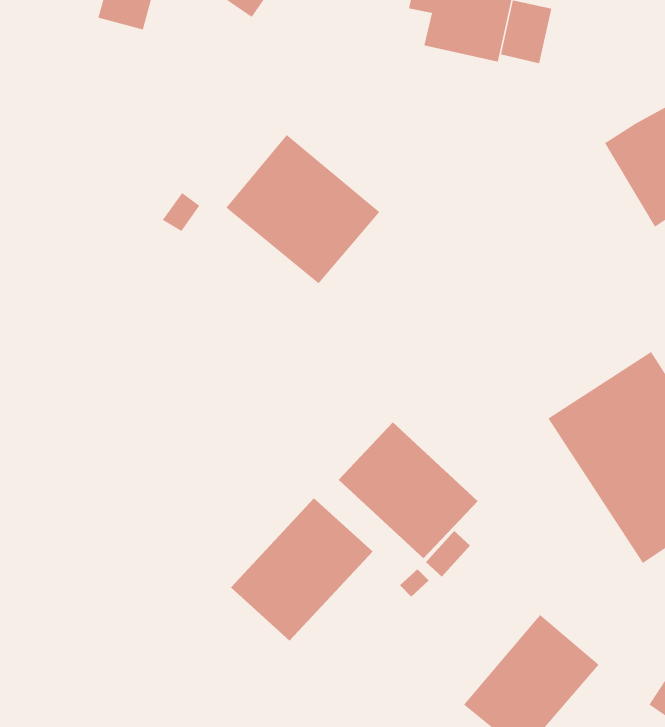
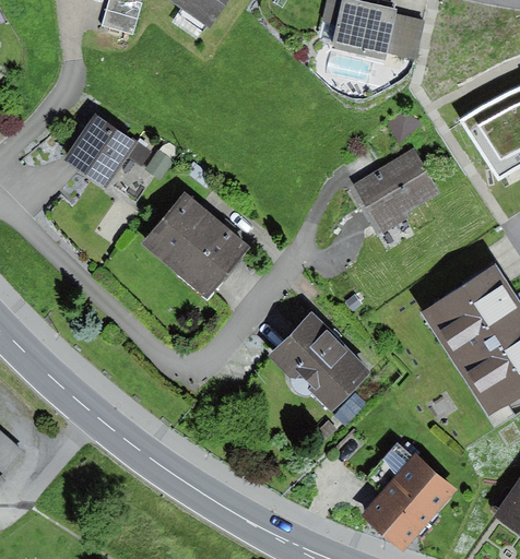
building: [225,134,380,284] -> [142,191,252,298]
building: none -> [63,114,151,189]
building: none -> [352,147,440,234]
building: [230,497,373,642] -> none

